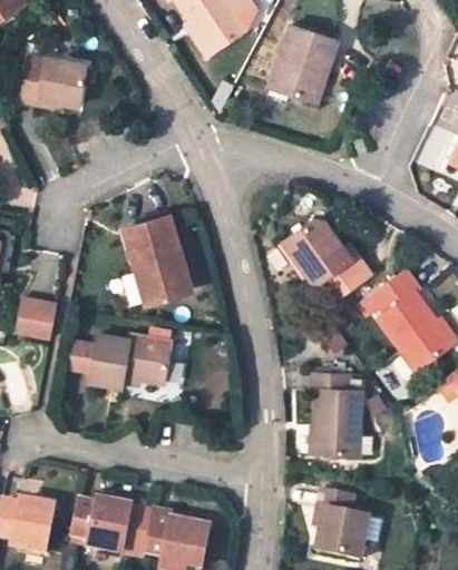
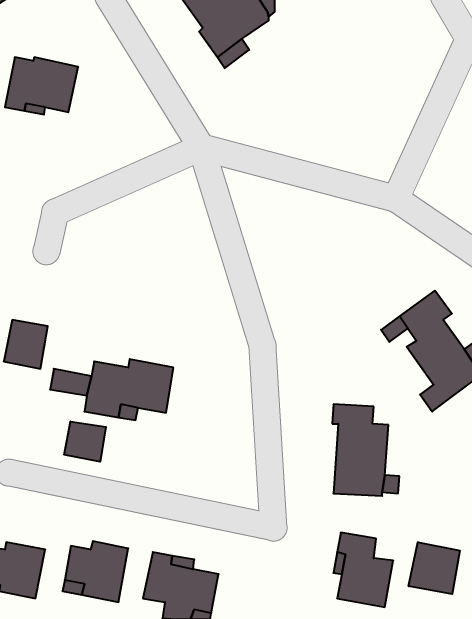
building: [270,27,338,105] -> none
building: [121,213,184,301] -> none
building: [284,218,370,306] -> none
building: none -> [64,421,106,462]
building: none -> [409,542,460,594]

